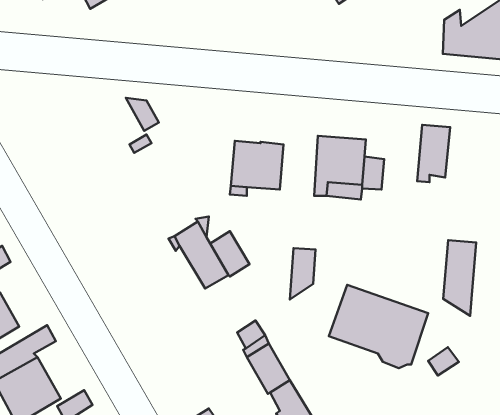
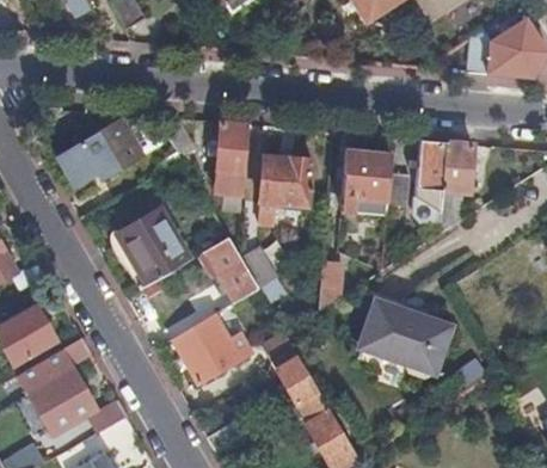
building: none -> [54,117,162,201]
building: none -> [216,122,247,196]
building: none -> [117,209,189,284]
building: [443,240,476,316] -> [414,140,447,214]
building: none -> [173,309,259,382]

